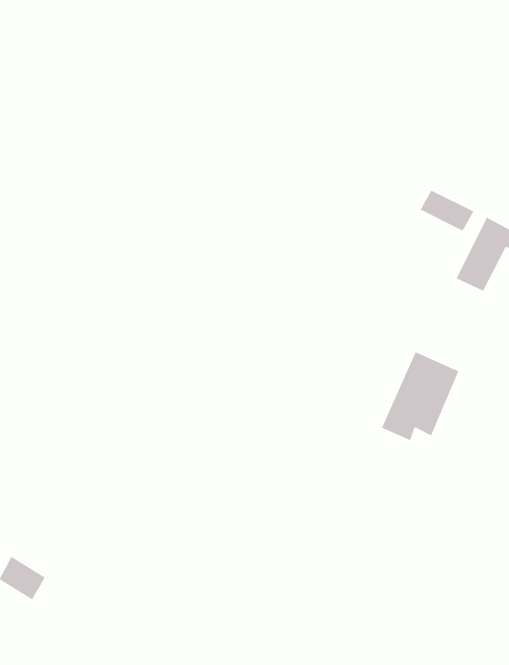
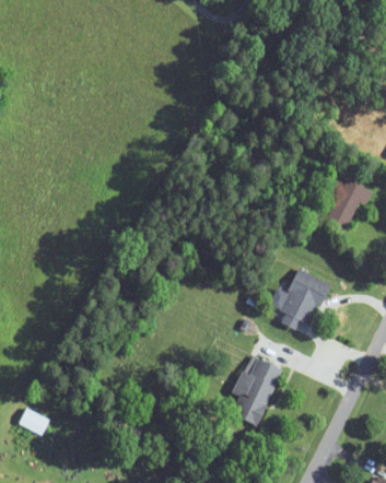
building: [420,190,474,231] -> none
building: none -> [232,355,279,424]

